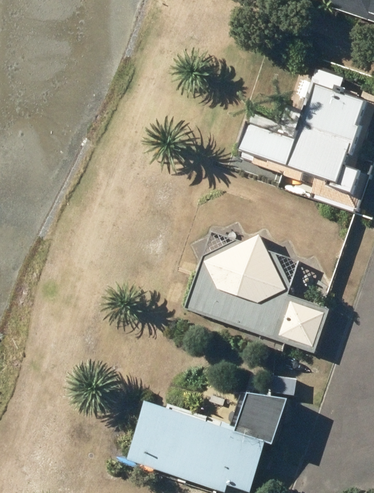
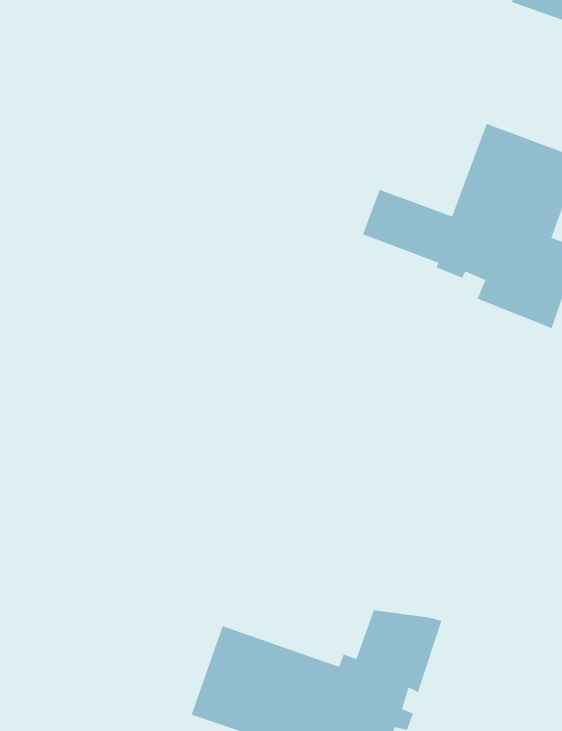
building: [185,237,330,352] -> none

